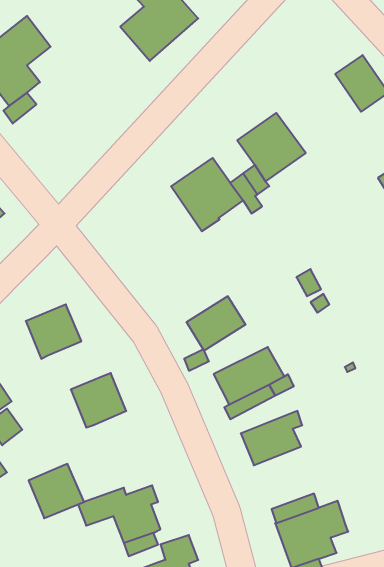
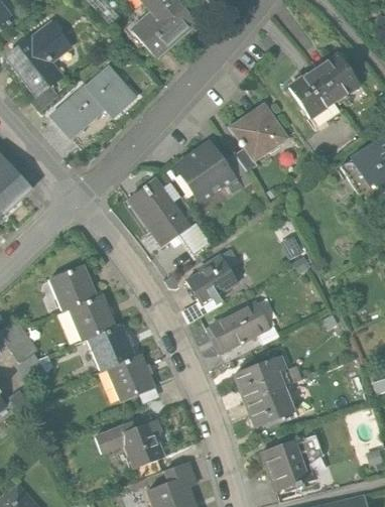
building: none -> [47,64,137,139]
building: none -> [288,69,336,118]
building: none -> [127,177,189,246]
building: none -> [69,294,117,341]
building: none -> [244,386,294,427]
building: [29,464,84,518] -> [107,354,154,400]

